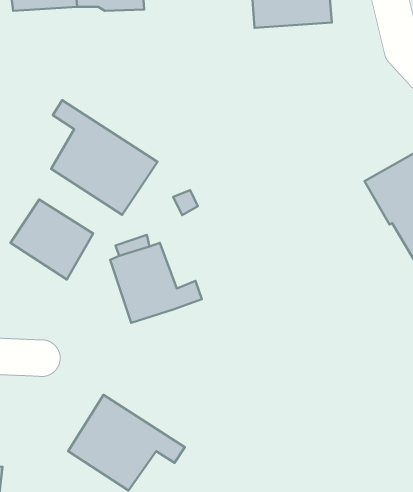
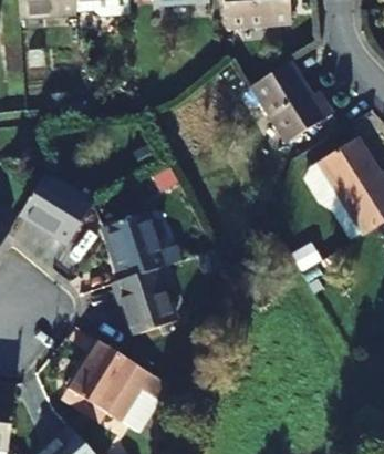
building: none -> [255,63,335,144]
building: [51,100,158,215] -> none
building: none -> [112,270,174,337]

